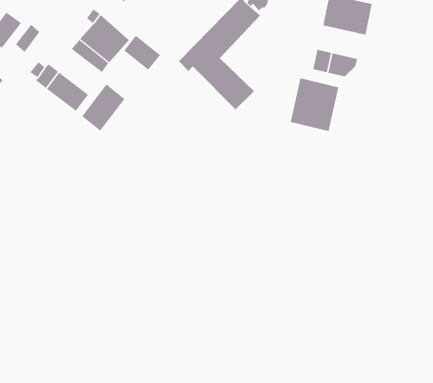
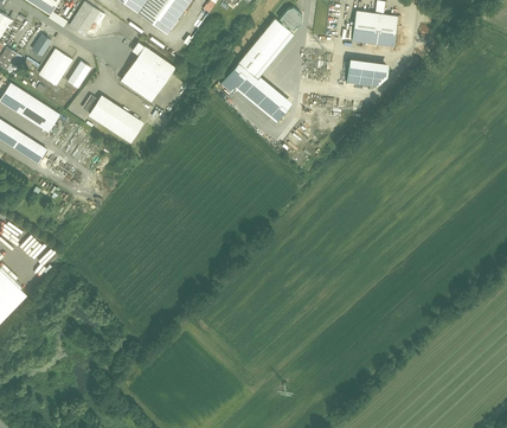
building: [123,35,161,71] -> none
building: [290,77,339,132] -> none
building: [81,84,125,132] -> none

